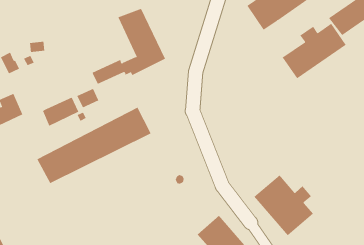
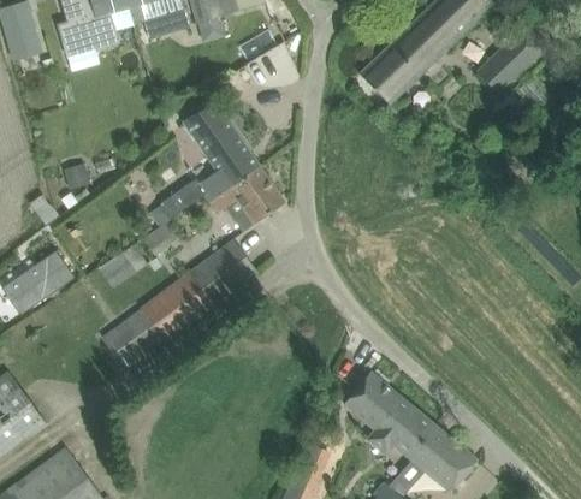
building: [282,23,346,79] -> none
building: none -> [206,166,284,231]
building: [254,174,314,236] -> none

